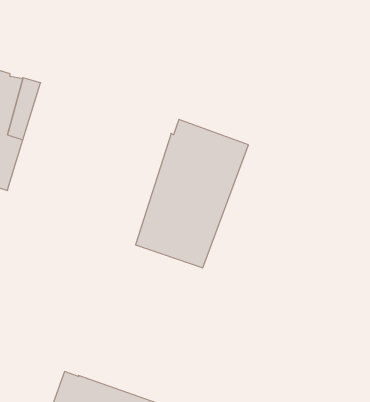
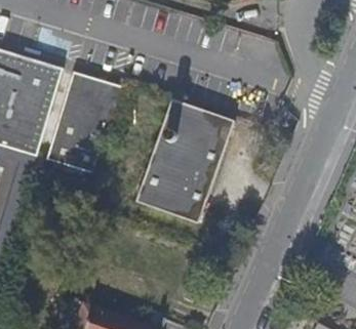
building: none -> [46,72,121,172]

